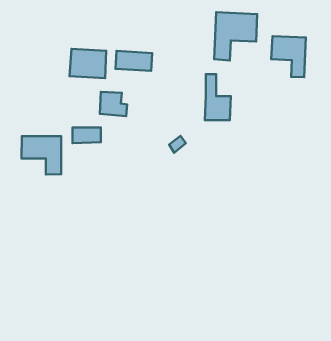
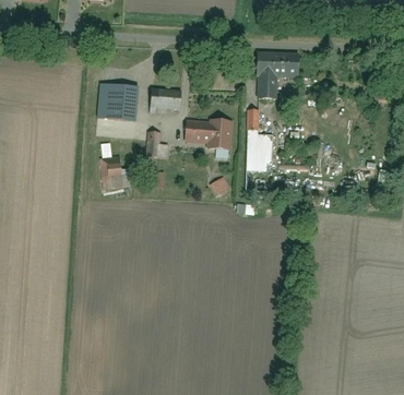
building: [271,36,306,77] -> none
building: none -> [183,118,229,147]
building: [22,136,61,175] -> none

